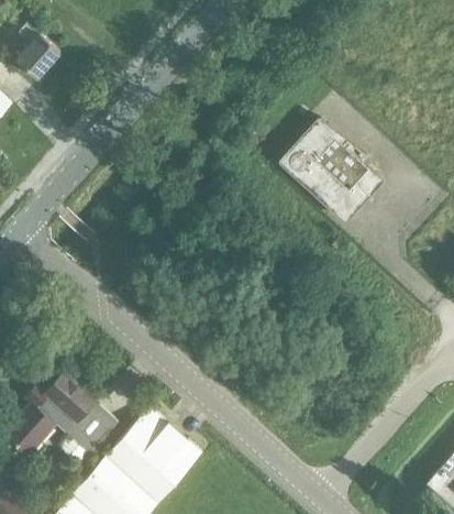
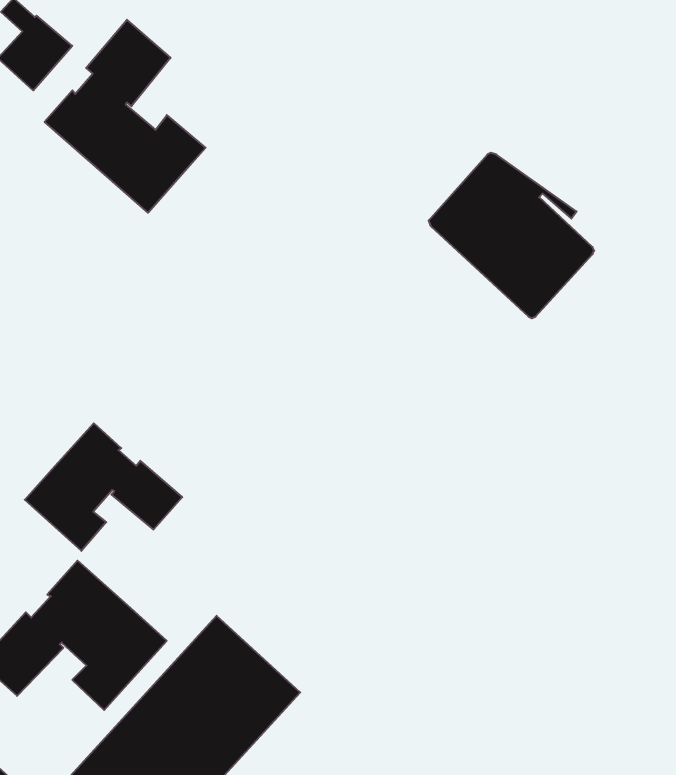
building: none -> [45,20,206,213]
building: none -> [25,423,182,551]

